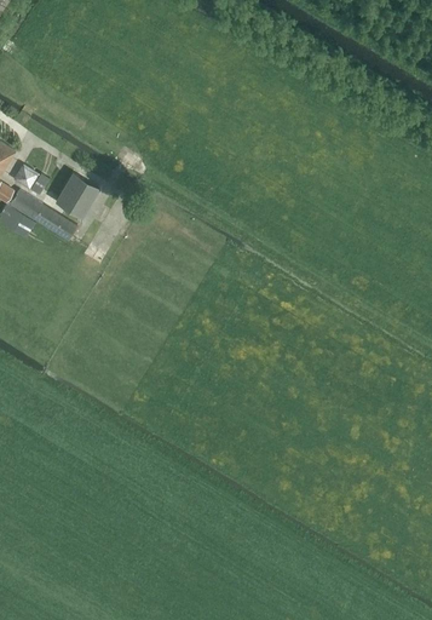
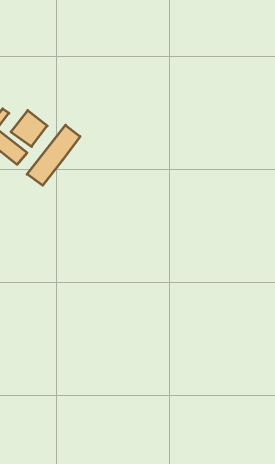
building: none -> [27,125,80,185]

